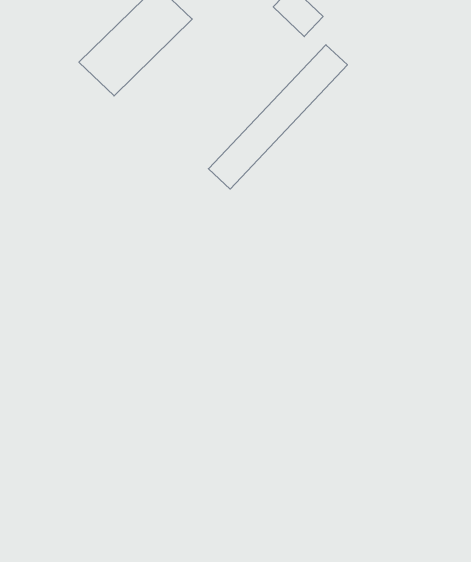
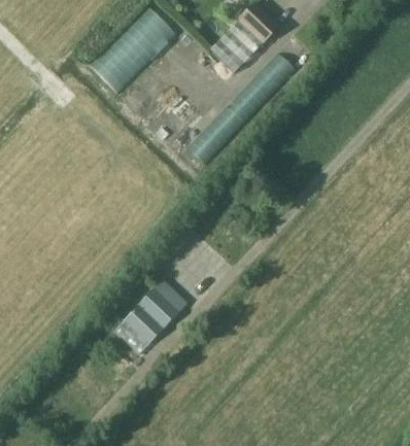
building: none -> [208,22,262,74]
building: none -> [106,282,187,356]

